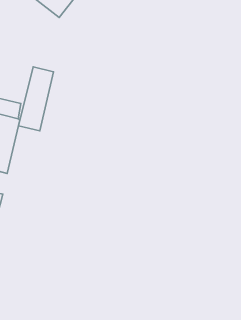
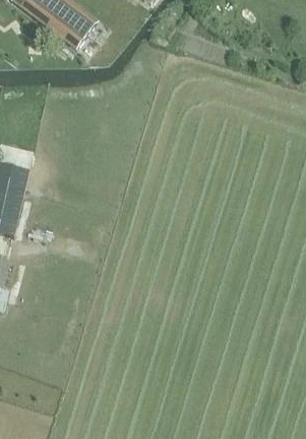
building: [19,67,53,131] -> none

